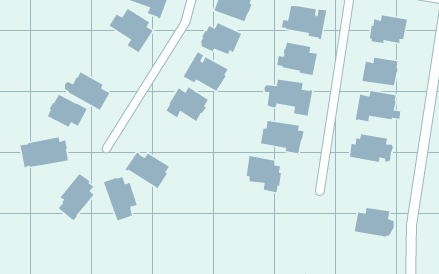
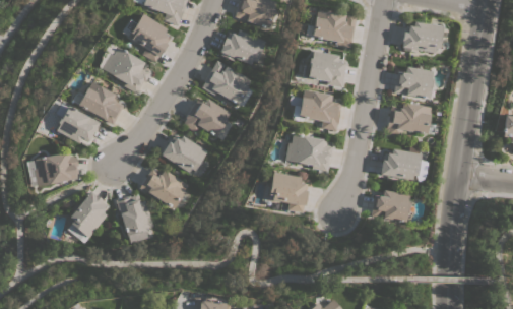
building: none -> [100,44,150,94]
building: none -> [161,135,207,172]
building: [354,207,394,237] -> [371,189,414,222]

